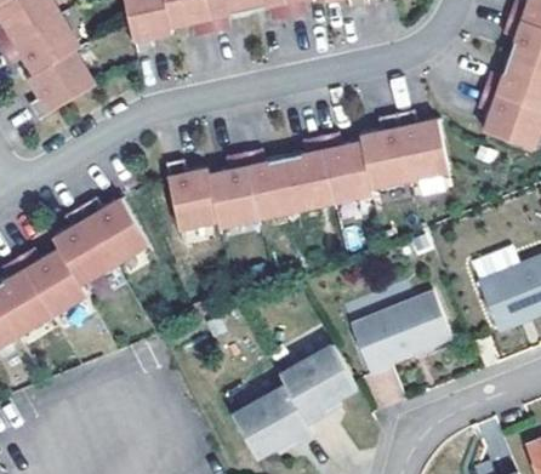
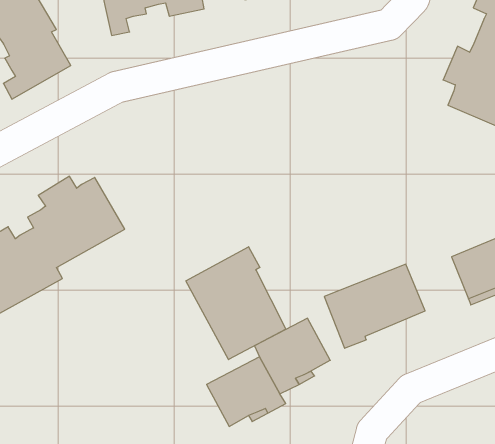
building: [165,115,450,229] -> none
building: none -> [186,247,286,360]

